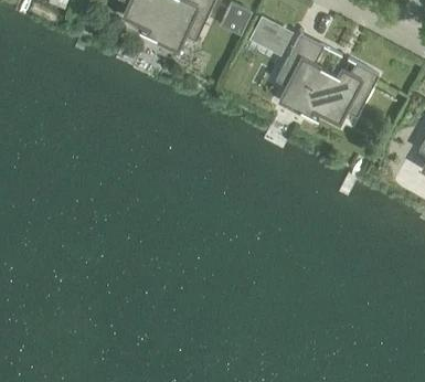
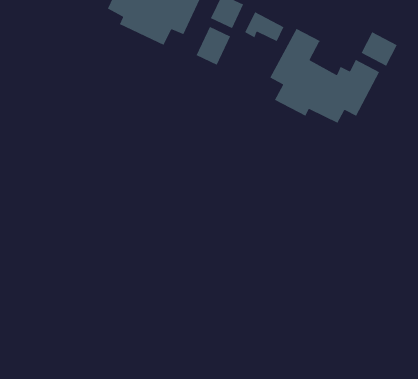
building: none -> [196,26,231,66]
building: none -> [361,31,398,67]

